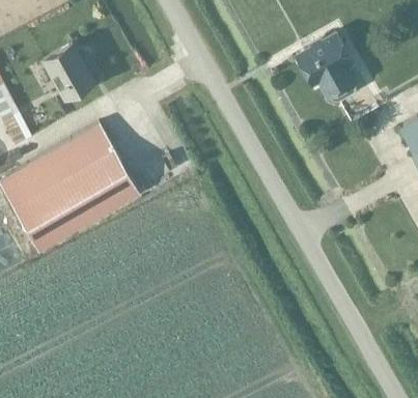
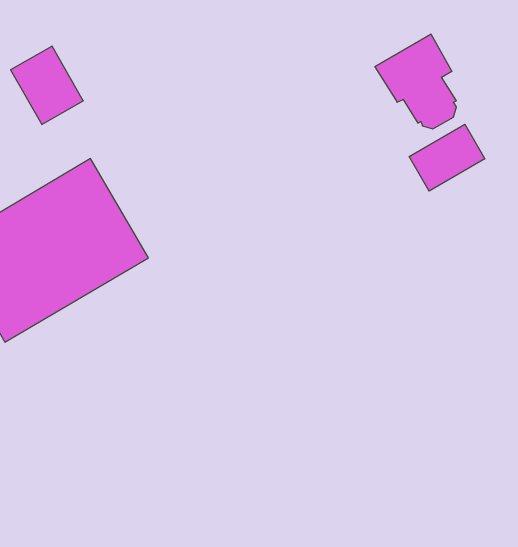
building: none -> [409,124,485,191]

